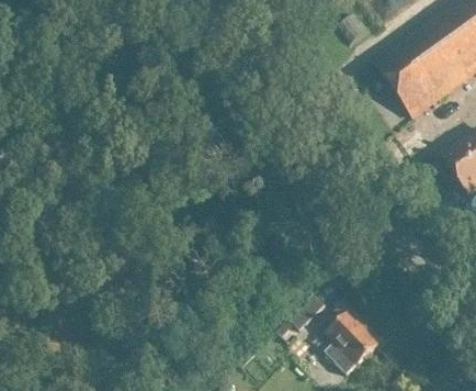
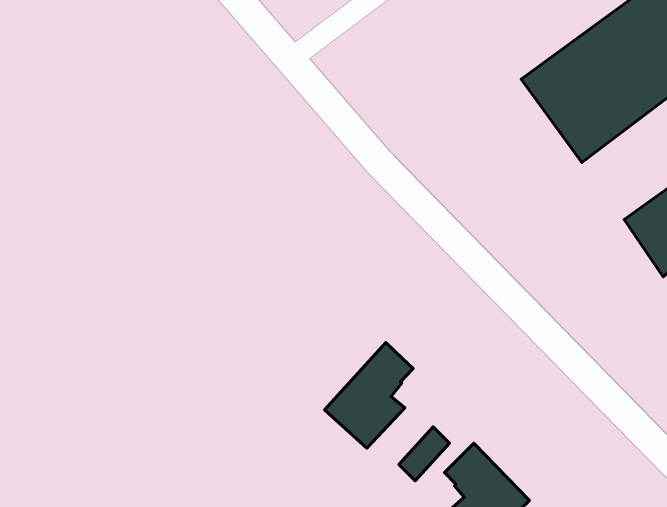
building: none -> [325,343,413,448]

